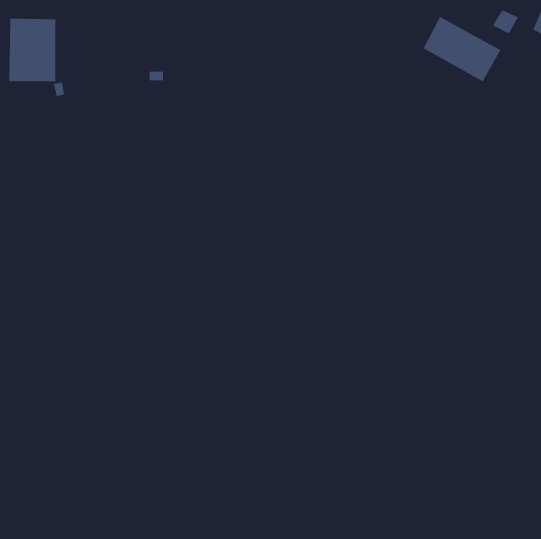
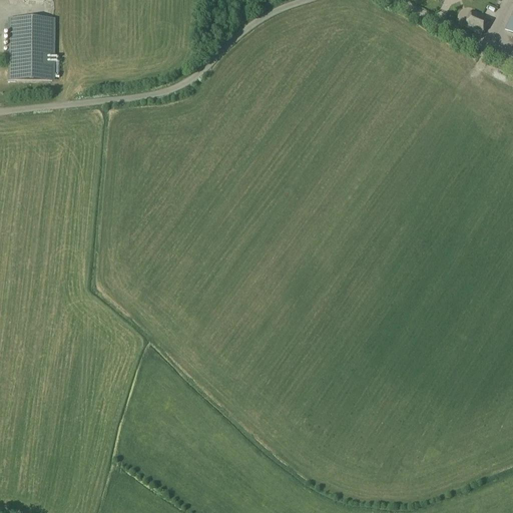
building: [423,16,501,82] -> none

